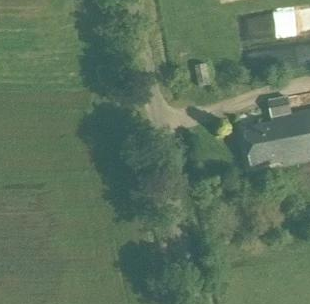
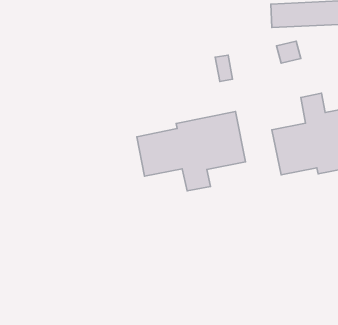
building: none -> [137,112,246,191]

